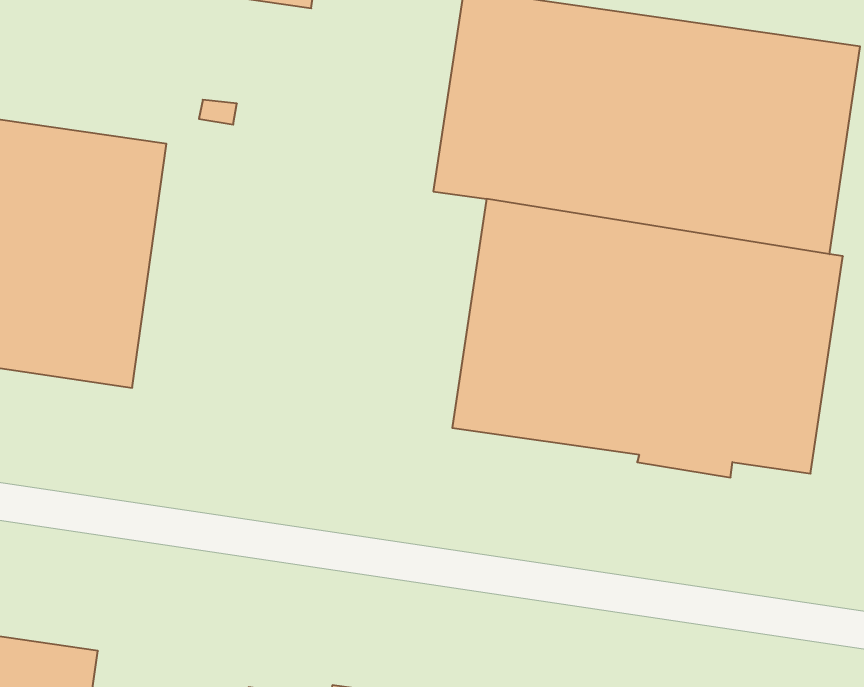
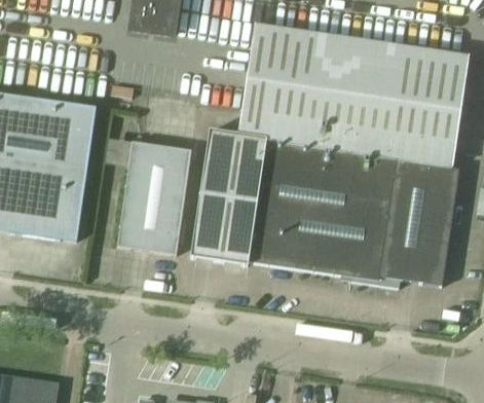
building: none -> [190,130,267,265]
building: none -> [117,141,191,254]

